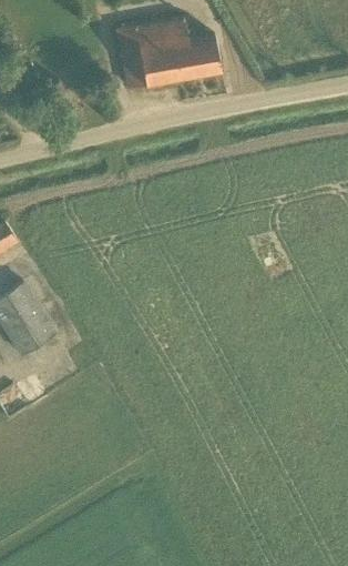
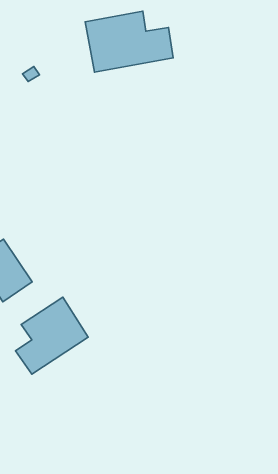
building: none -> [16,297,88,374]

